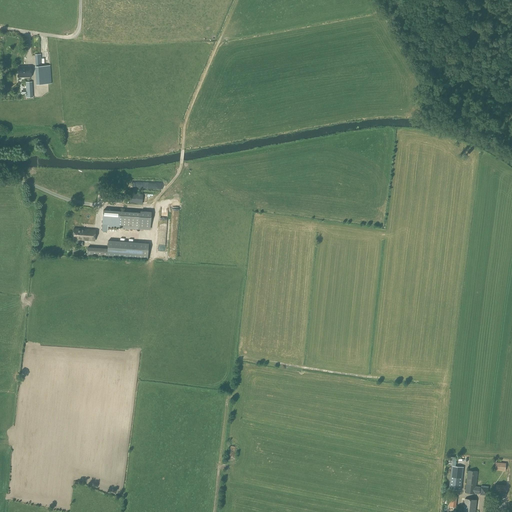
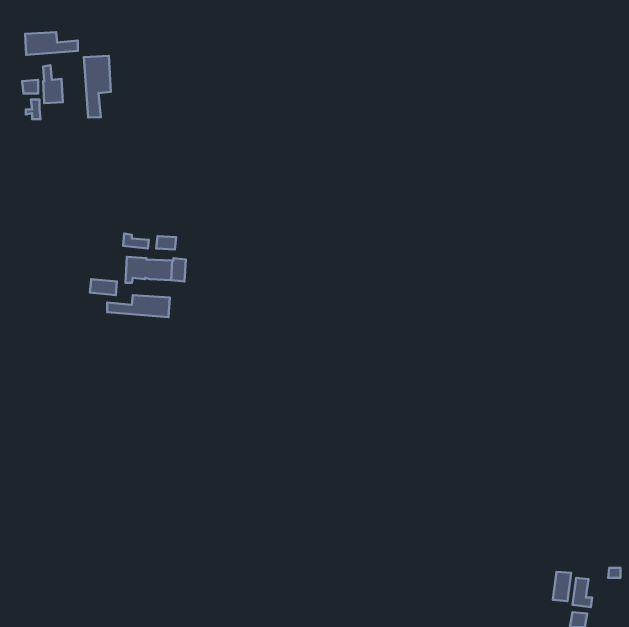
building: none -> [25,32,78,55]
building: none -> [84,56,111,117]

